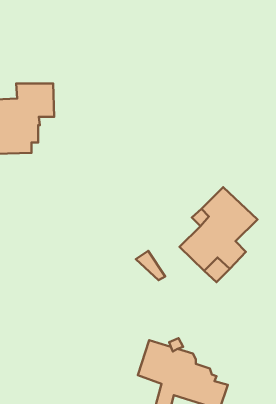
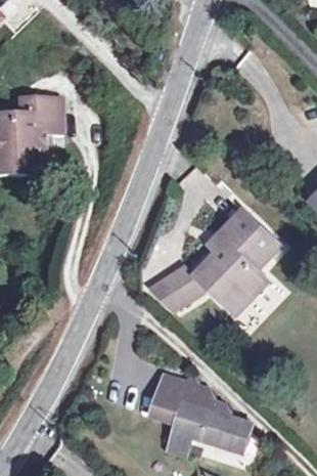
building: none -> [161,265,200,307]

